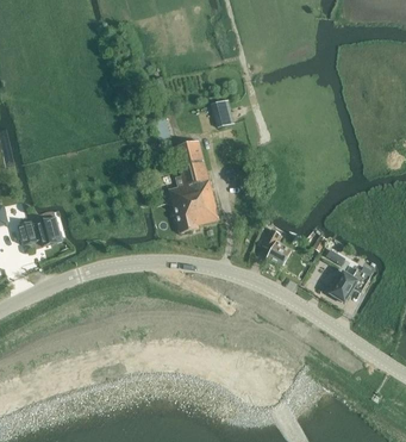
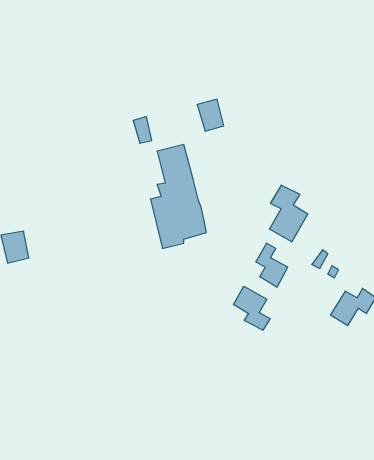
building: none -> [270,185,308,242]
building: none -> [233,286,270,330]

